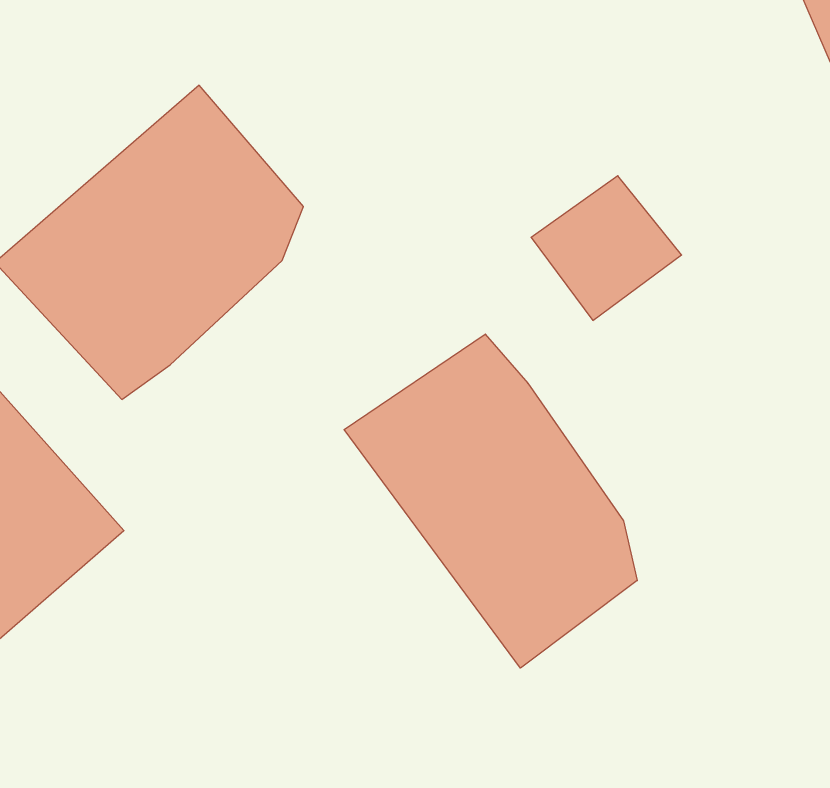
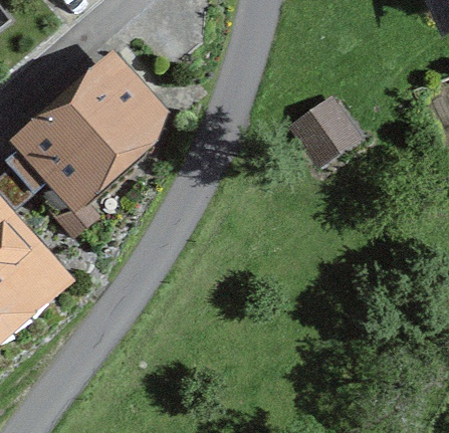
building: [344,334,637,668] -> none

